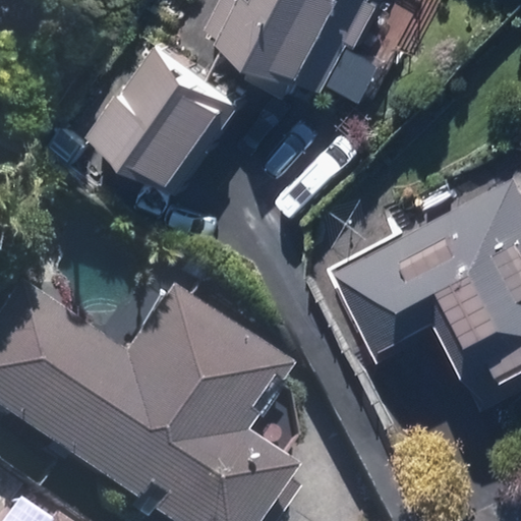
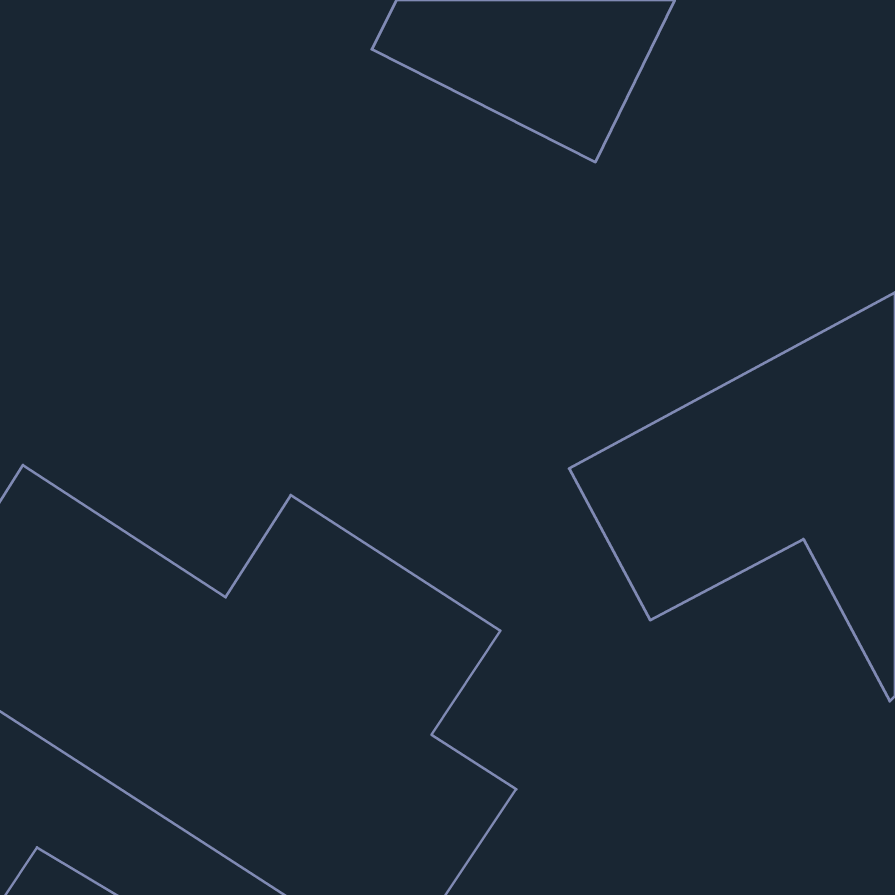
building: [112,37,260,181] -> none

